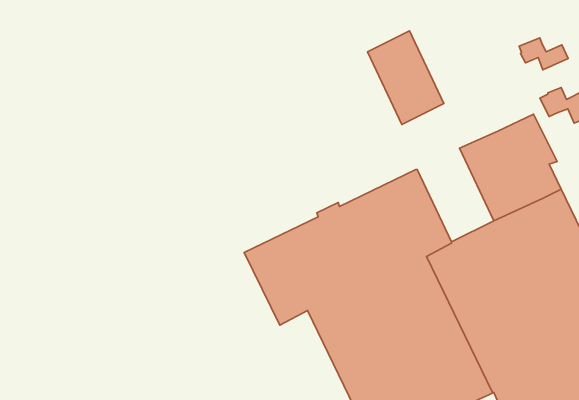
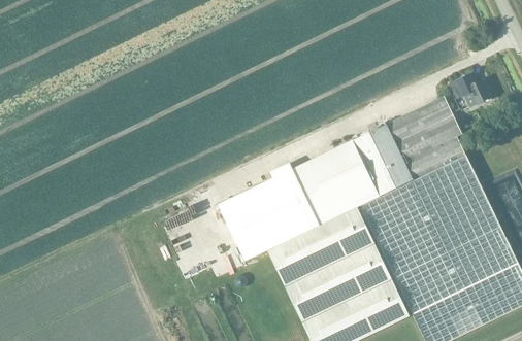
building: [367,31,444,124] -> [354,124,414,197]
building: [519,38,568,70] -> none

